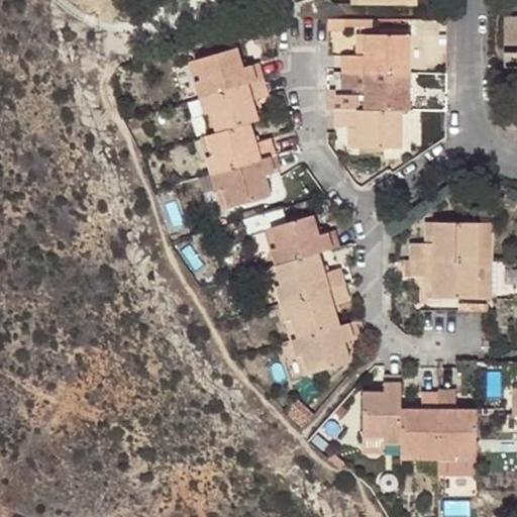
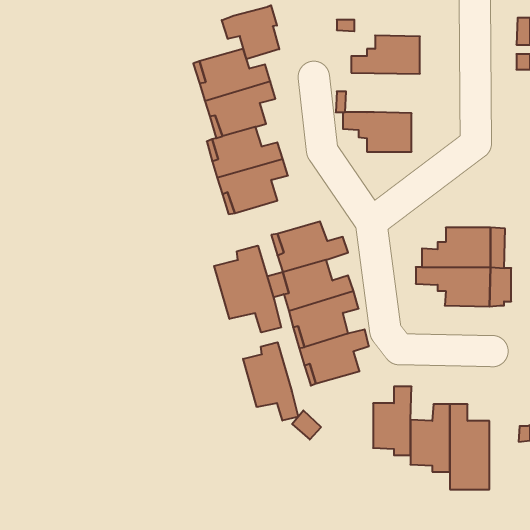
building: none -> [222,5,279,59]
building: [341,72,408,111] -> none
building: none -> [214,246,281,332]
building: none -> [243,342,298,421]

